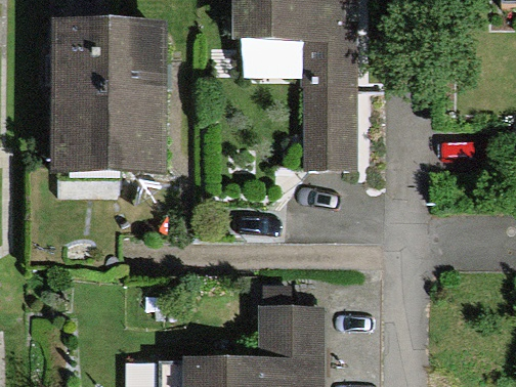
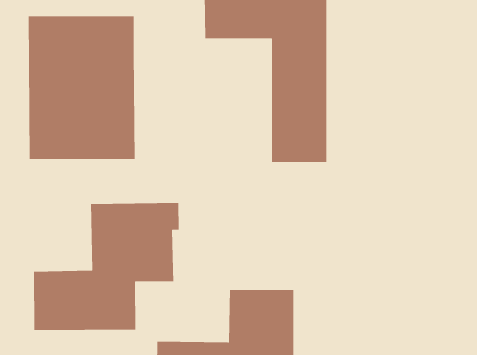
building: none -> [33,202,179,331]

